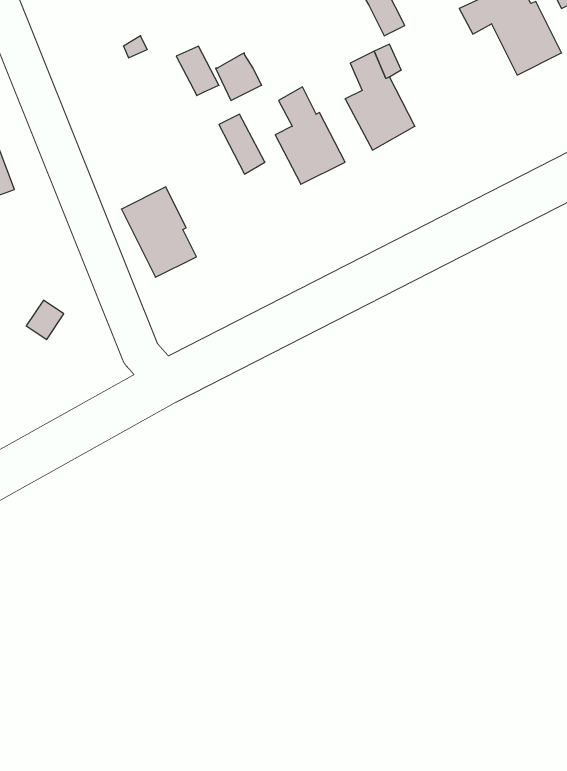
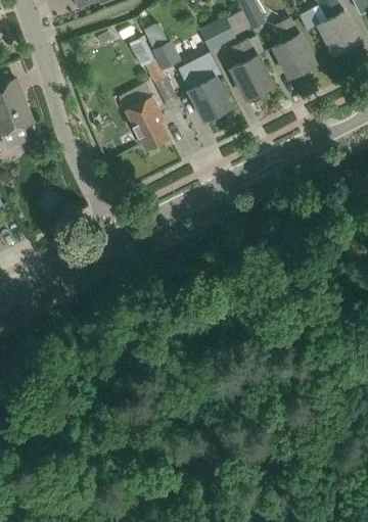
building: none -> [273,17,315,76]
building: none -> [199,18,234,50]
building: [121,187,196,277] -> [125,95,170,149]

